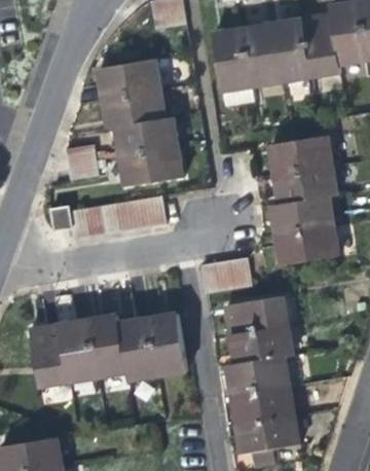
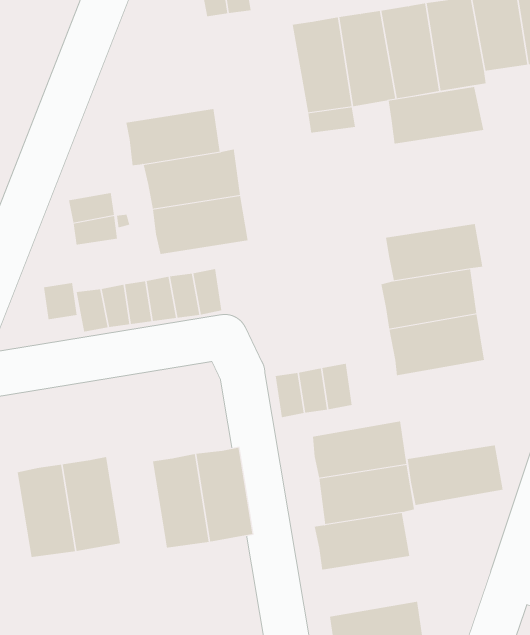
building: [98,59,160,98] -> none
building: [269,136,333,174] -> [388,87,484,144]
building: [89,314,127,376] -> none
building: [231,385,295,425] -> [407,445,503,505]

